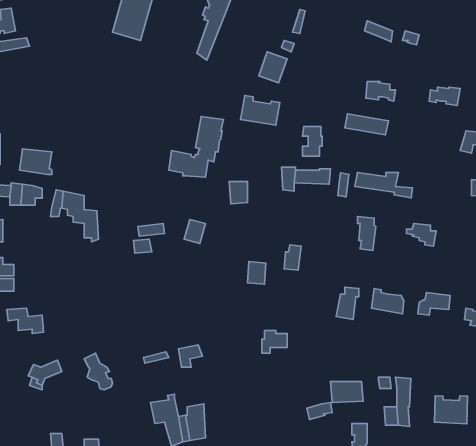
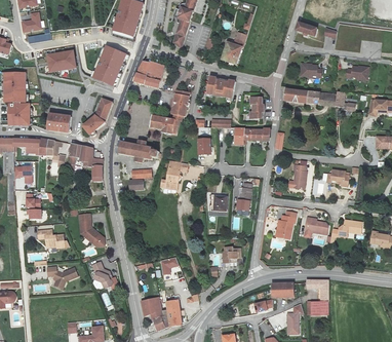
building: none -> [92,45,126,84]
building: none -> [47,49,76,71]
building: none -> [134,63,163,88]
building: none -> [81,99,111,137]
building: [355,172,412,198] -> [312,93,354,112]
building: none -> [117,139,160,162]
building: none -> [78,216,105,248]
building: [434,396,468,424] -> none

